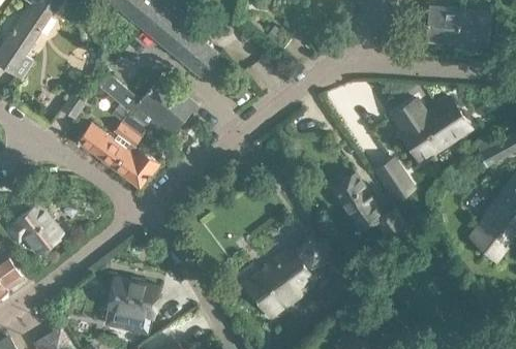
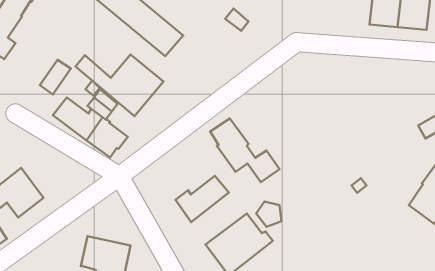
building: [392,99,469,162] -> none
building: [375,158,413,198] -> none
building: [333,172,409,243] -> [210,119,279,182]
building: none -> [176,176,229,222]

